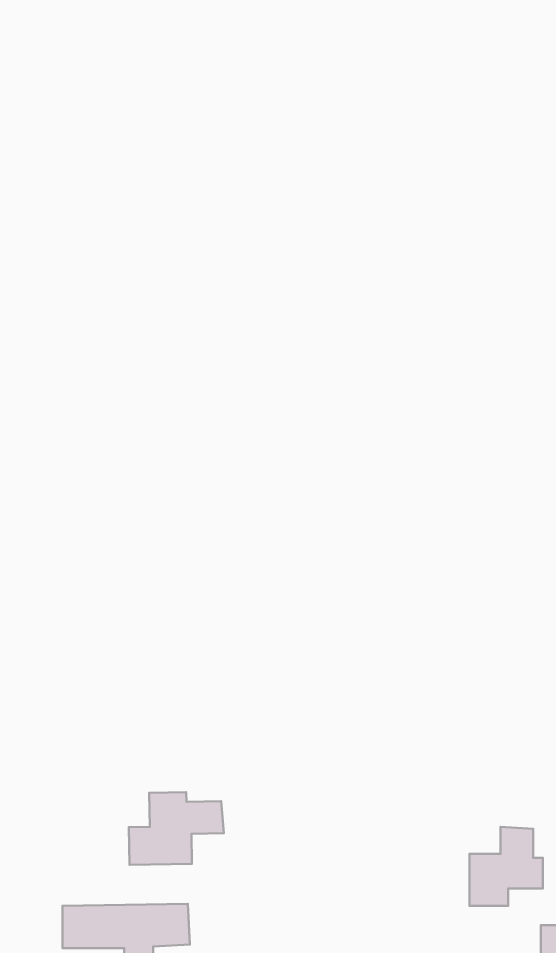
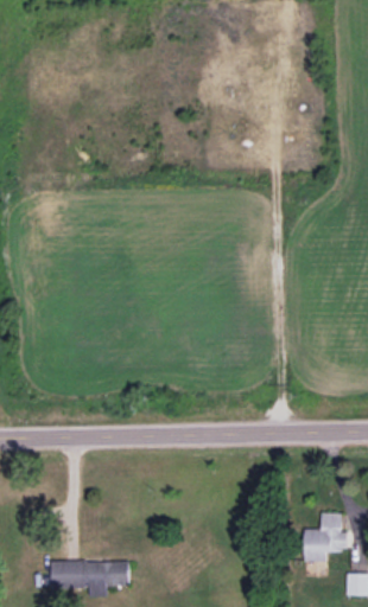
building: [129,792,224,865] -> none

